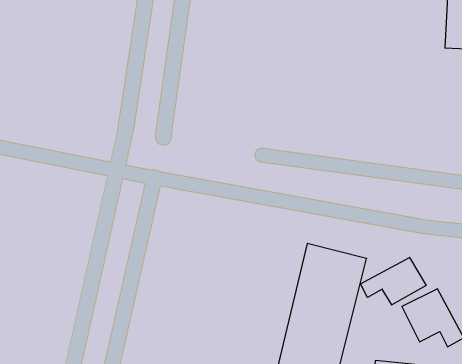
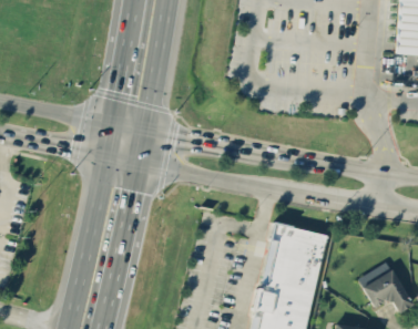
building: [360,257,426,305] -> none

